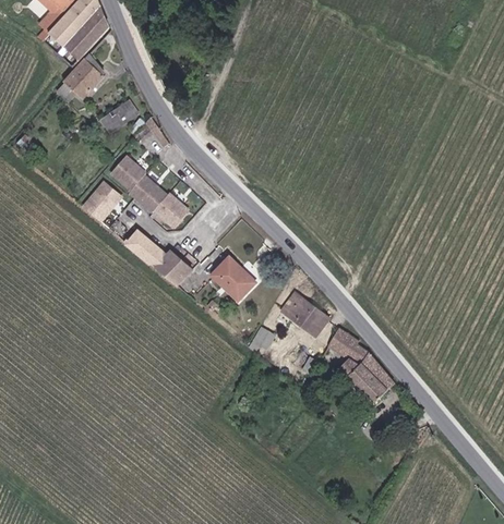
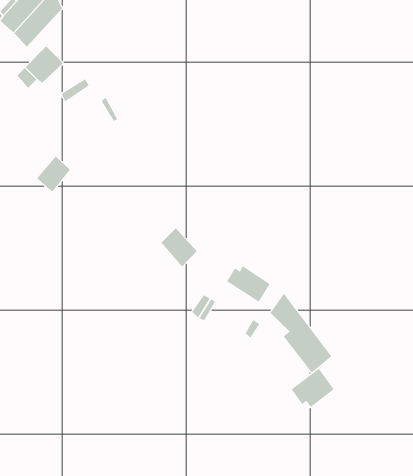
building: [112,153,187,226] -> none
building: [123,229,189,284] -> none
building: none -> [291,368,334,408]

